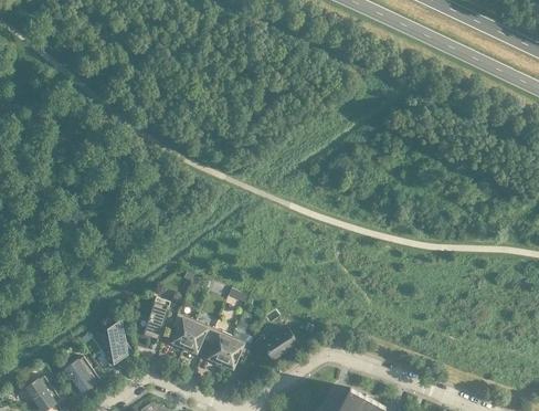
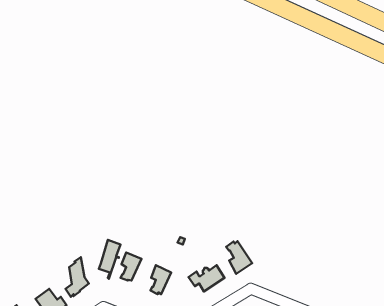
building: none -> [226,241,252,274]
building: [182,320,212,355] -> none
building: [219,337,249,370] -> none

